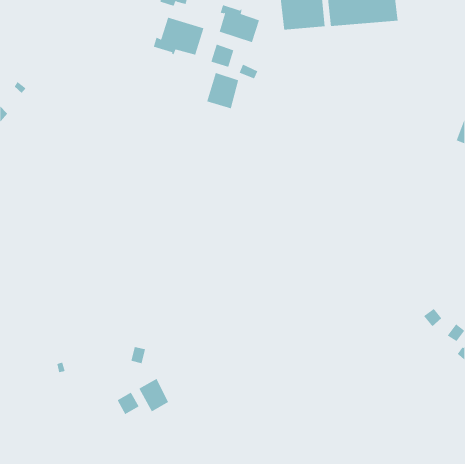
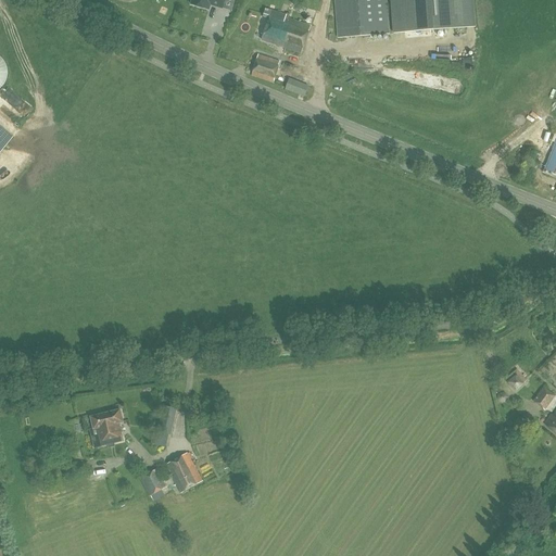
building: [153,17,204,56] -> none
building: [207,72,239,109] -> none
building: none -> [89,407,123,446]

